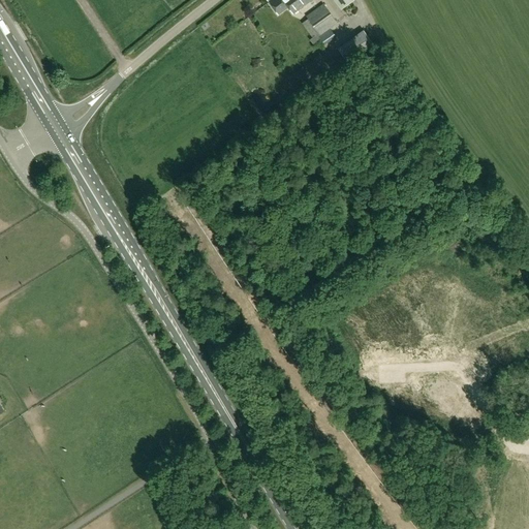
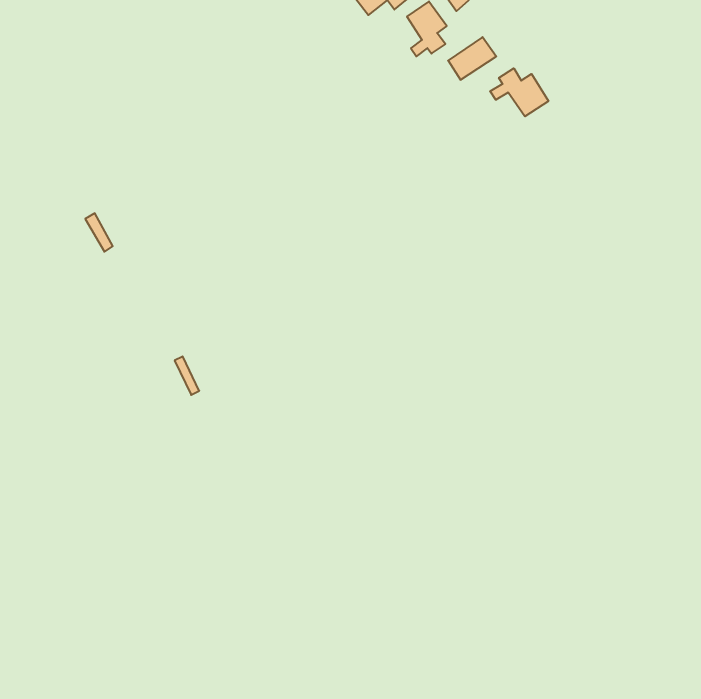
building: none -> [490,68,548,116]

